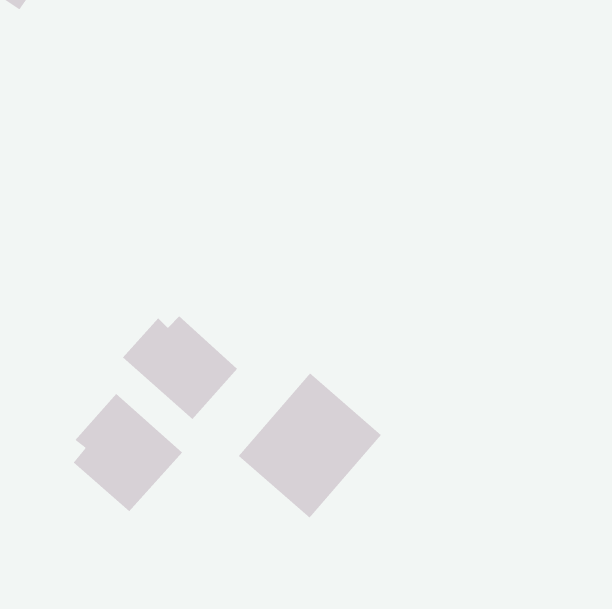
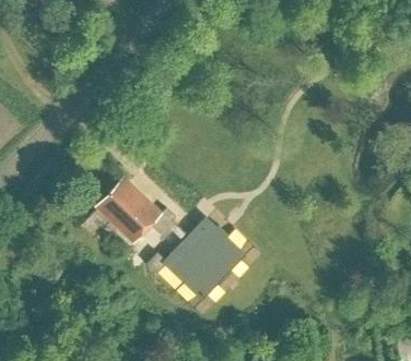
building: [73,393,183,512] -> none

